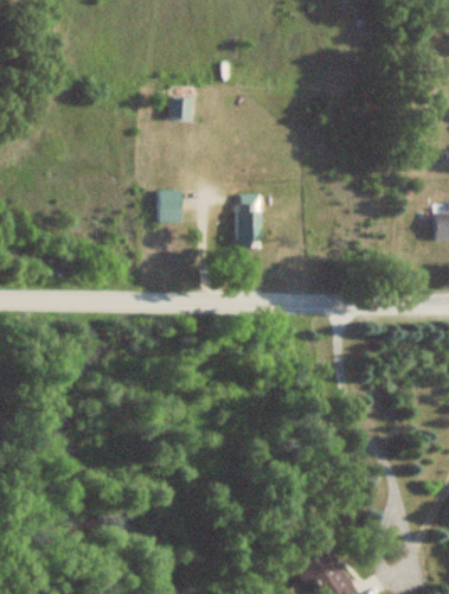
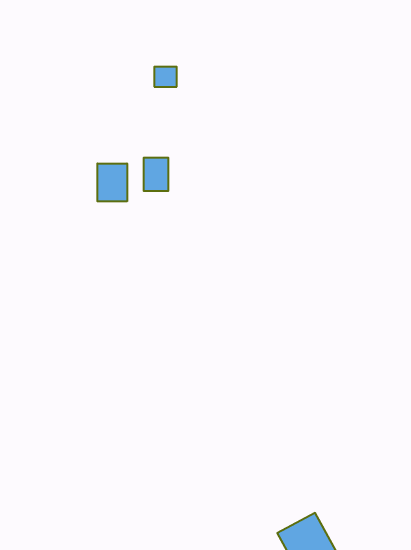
building: [237,193,262,247] -> none
building: none -> [97,163,127,201]

